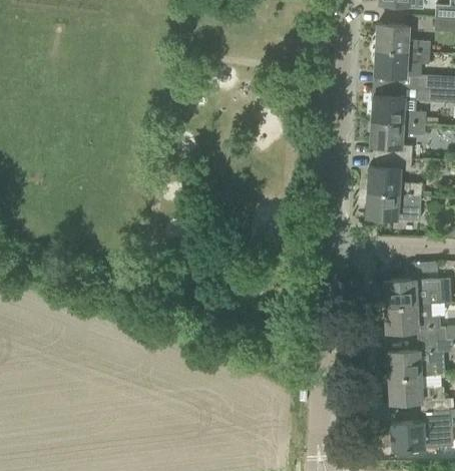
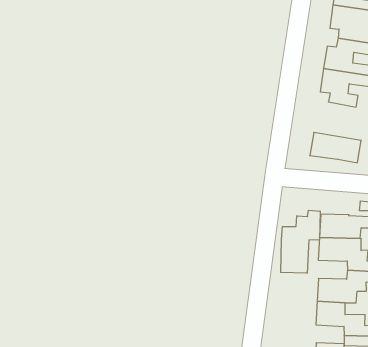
building: [368,157,422,196] -> none
building: none -> [281,210,320,273]

